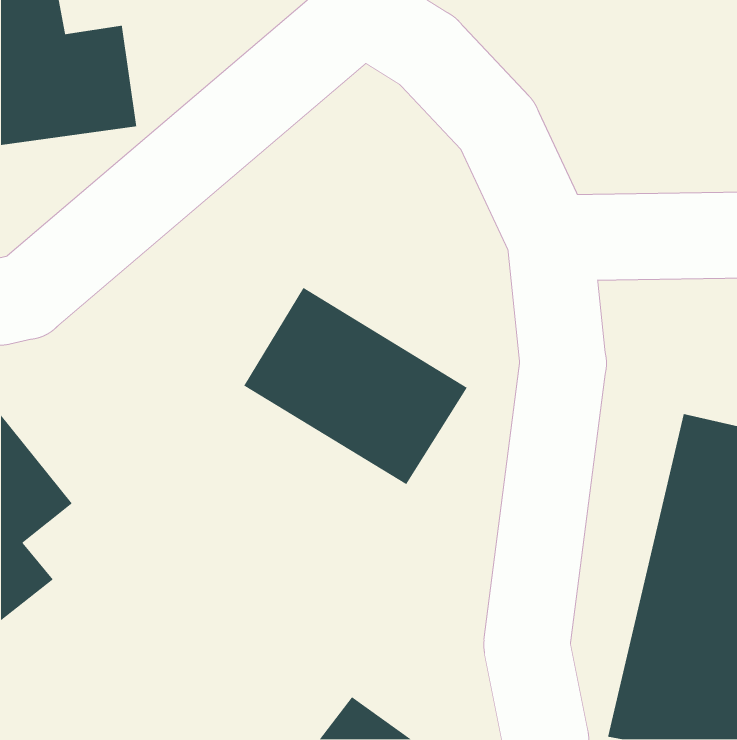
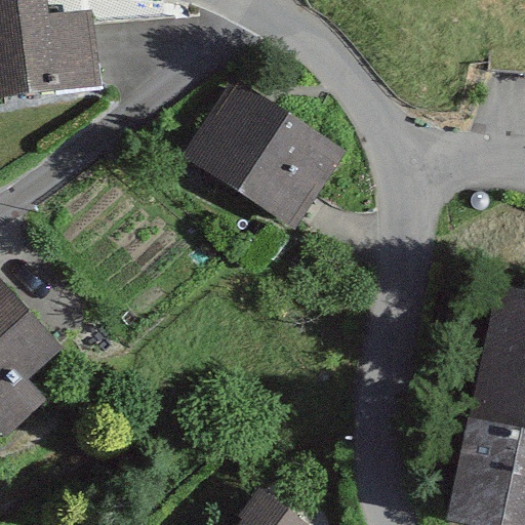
building: [243,287,468,485] -> [189,84,347,224]

